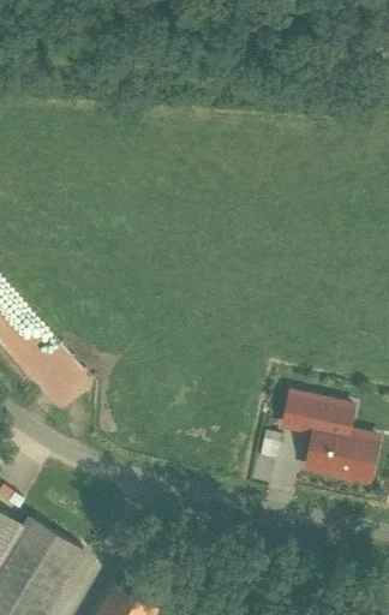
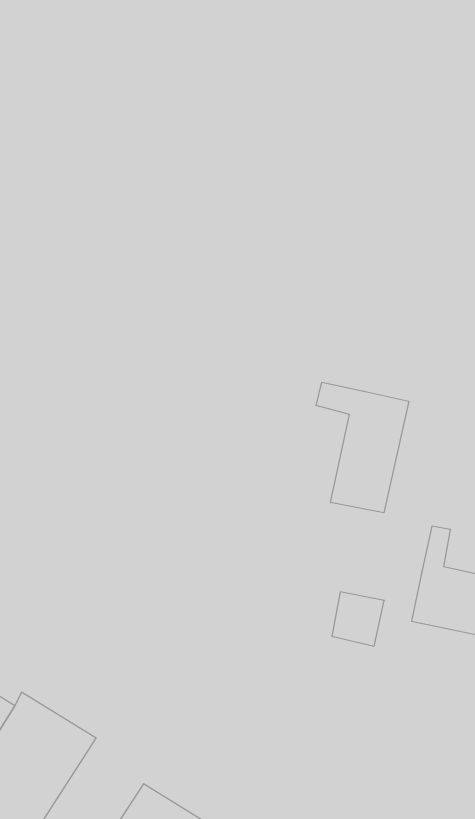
building: none -> [316,382,409,513]
building: [283,395,321,434] -> [332,592,384,646]

